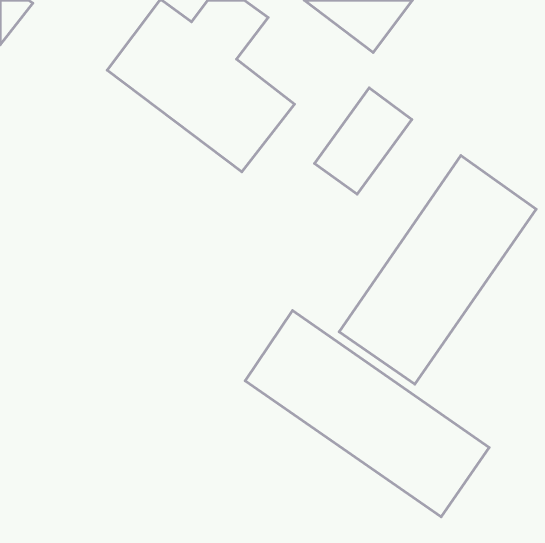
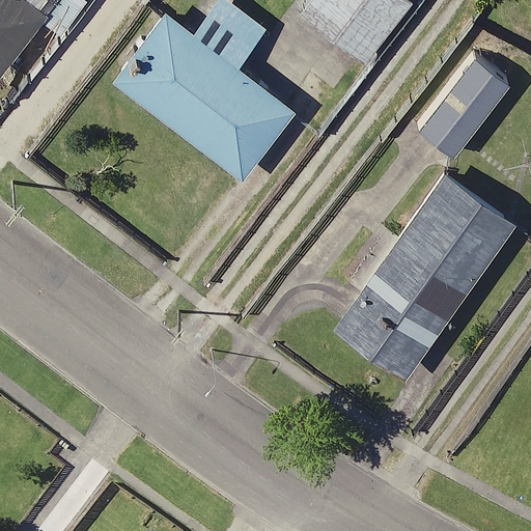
building: [314,88,412,194] -> [416,58,508,159]
building: [245,310,489,517] -> none

